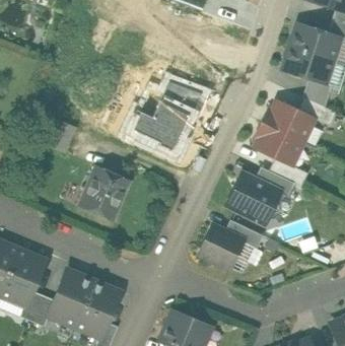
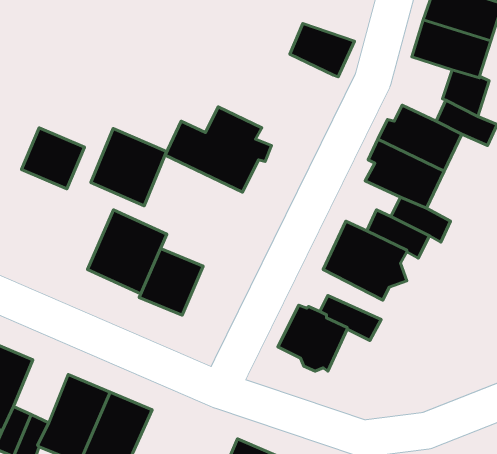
building: [161,82,202,116] -> [290,24,354,77]
building: none -> [91,128,167,206]
building: none -> [139,249,203,315]

